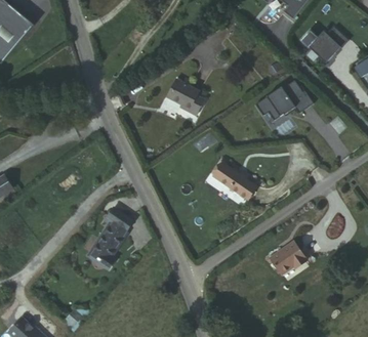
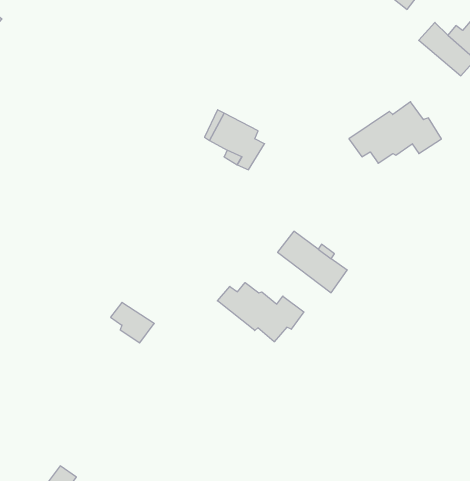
building: none -> [217,283,304,342]
building: [89,222,124,268] -> none
building: [271,241,306,276] -> none

